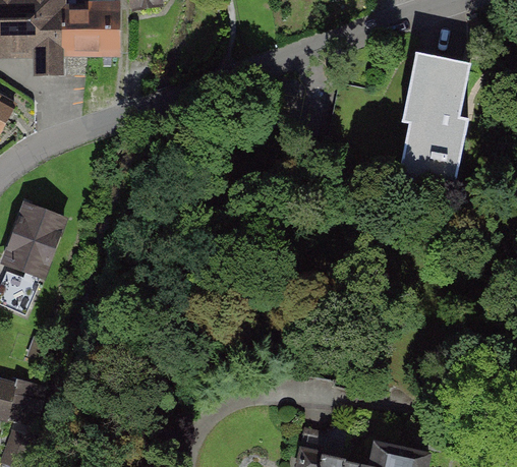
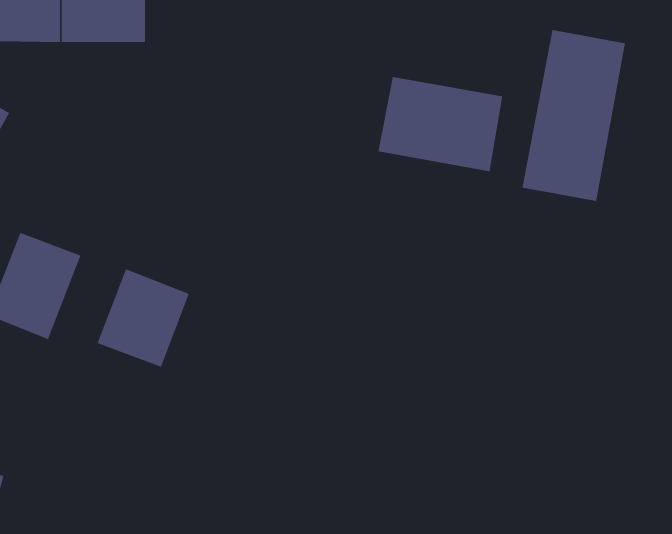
building: none -> [378,76,503,172]
building: none -> [96,268,190,368]

